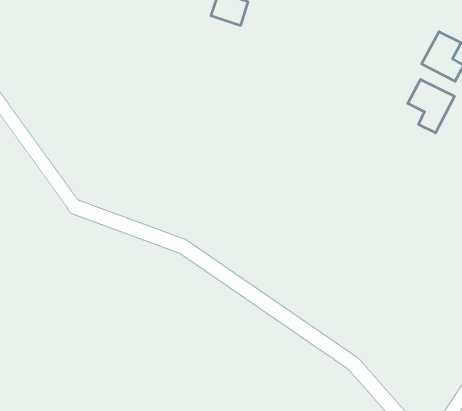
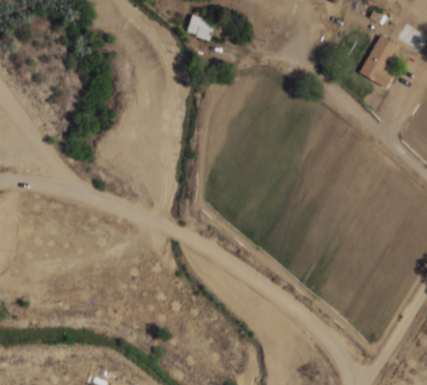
building: [408,79,454,133] -> none

